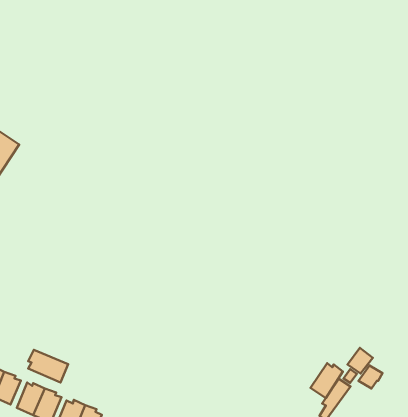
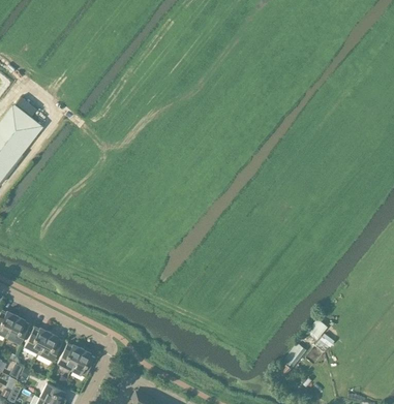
building: [28,350,68,382] -> none
building: [311,363,343,398] -> none

